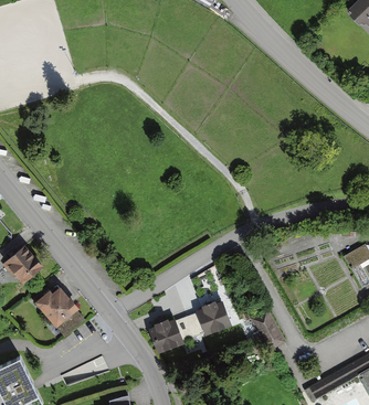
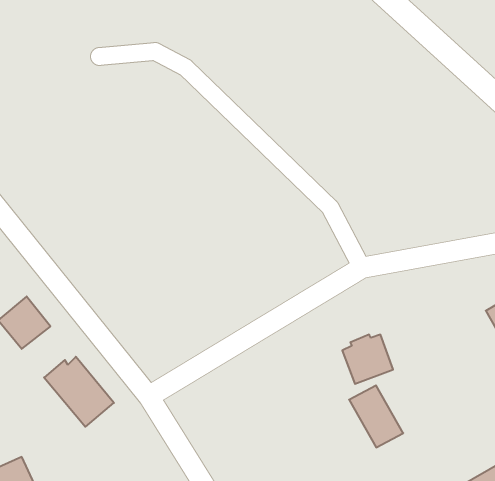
building: [196,299,231,333] -> [342,335,393,384]
building: [148,317,184,352] -> none

